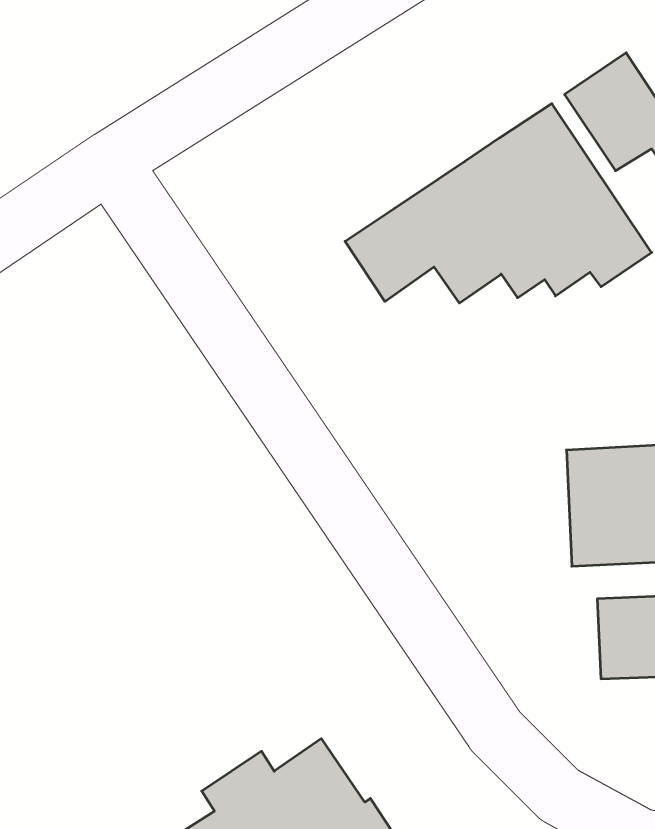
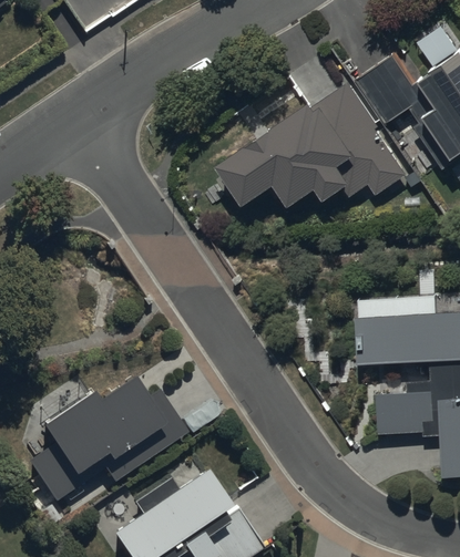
building: none -> [23,378,188,499]

